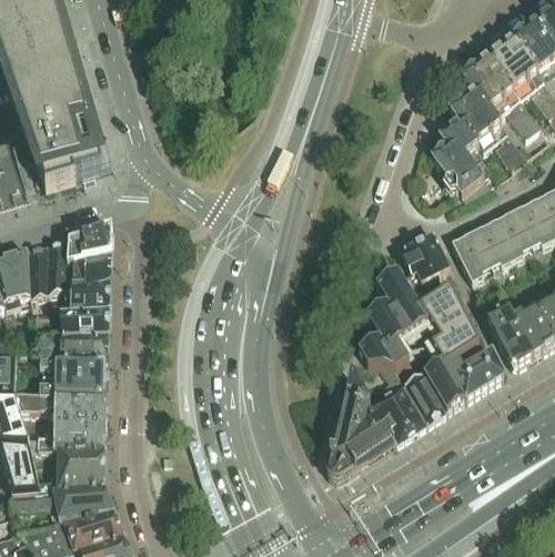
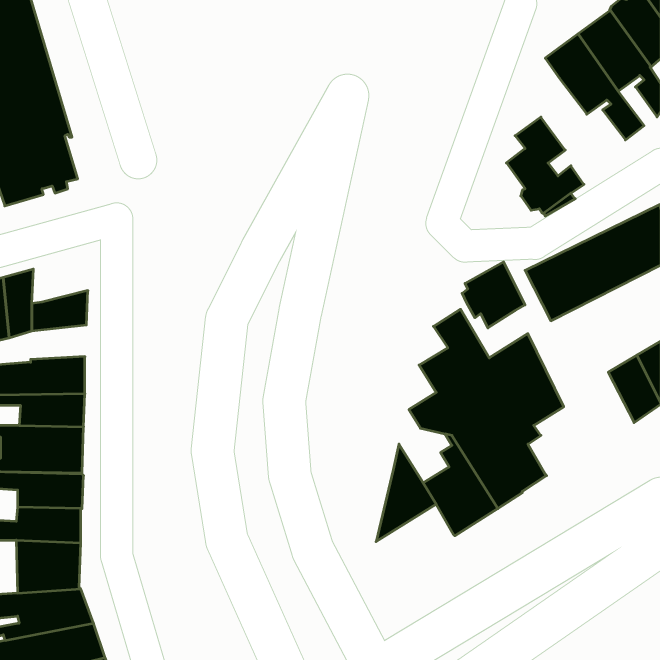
building: [452,89,534,169] -> none
building: [67,223,111,263] -> none
building: [65,280,109,306] -> none
building: [486,303,533,367] -> none
building: [451,338,503,397] -> none
building: [329,418,393,476] -> none

